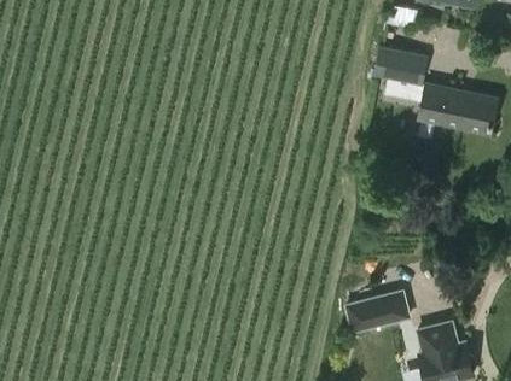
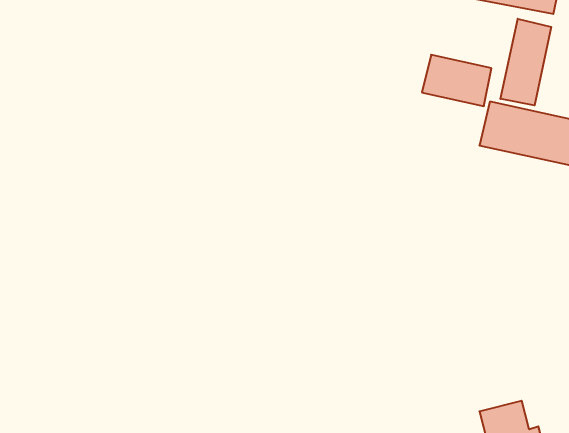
building: none -> [500,19,551,105]
building: [345,291,408,332] -> none

